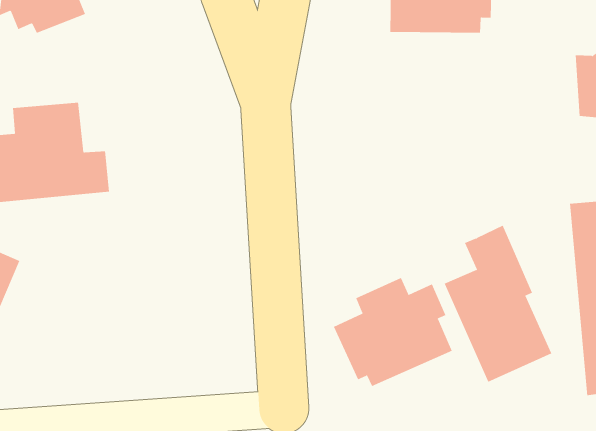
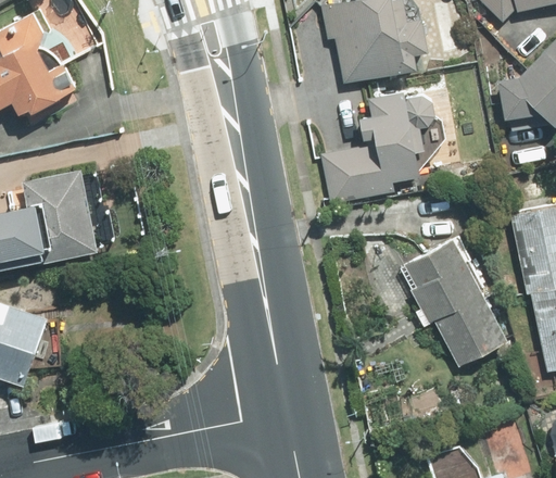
building: none -> [323,91,442,206]
building: [333,277,453,387] -> none

